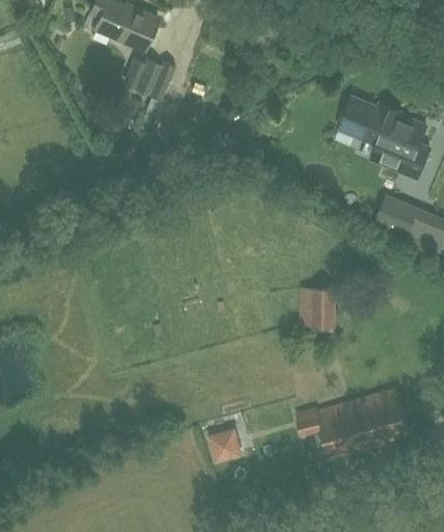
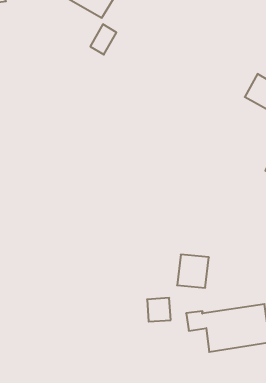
building: [299,287,336,327] -> [177,255,209,288]
building: [209,427,242,460] -> [147,298,171,322]

